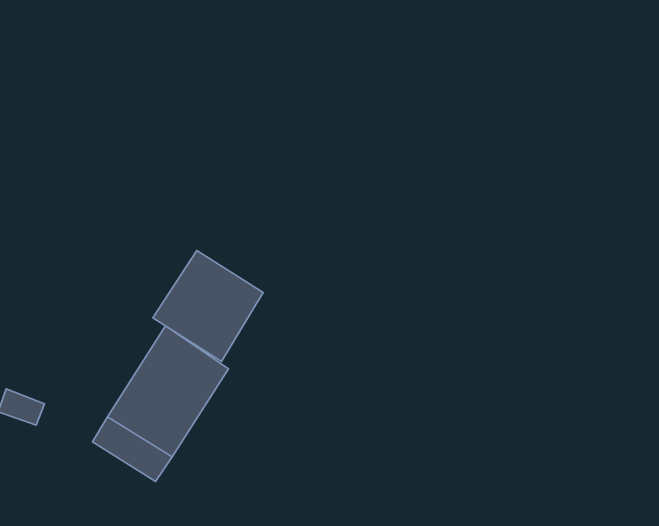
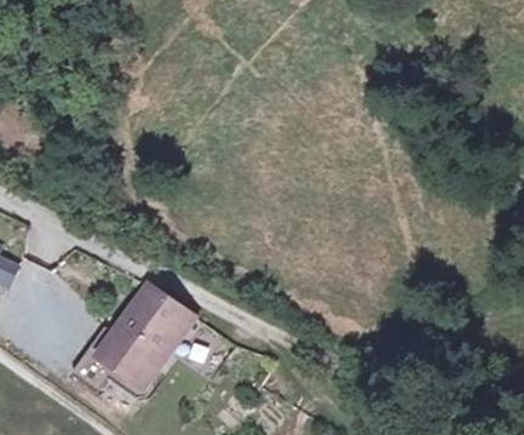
building: [153,251,263,361] -> none

